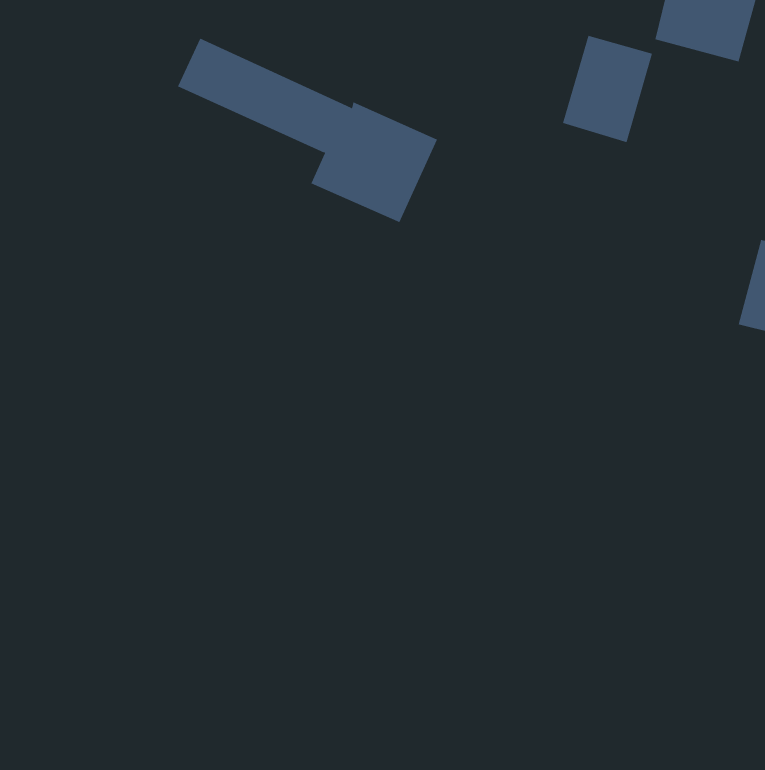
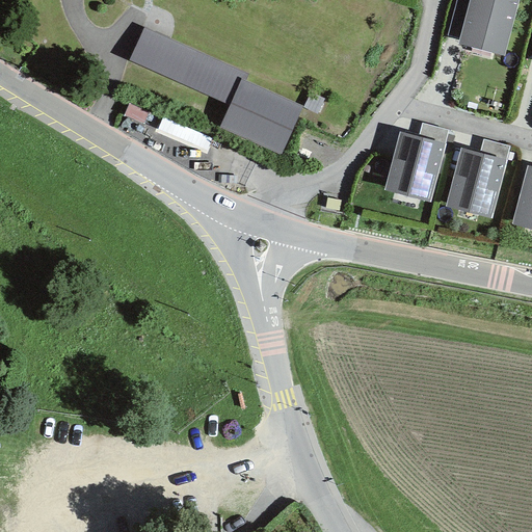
building: [562,35,653,143] -> [383,130,446,204]
building: none -> [445,148,507,219]

